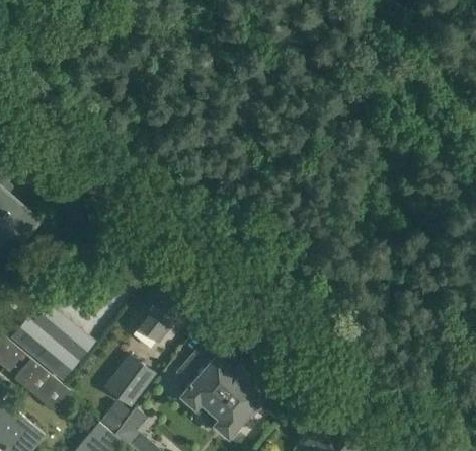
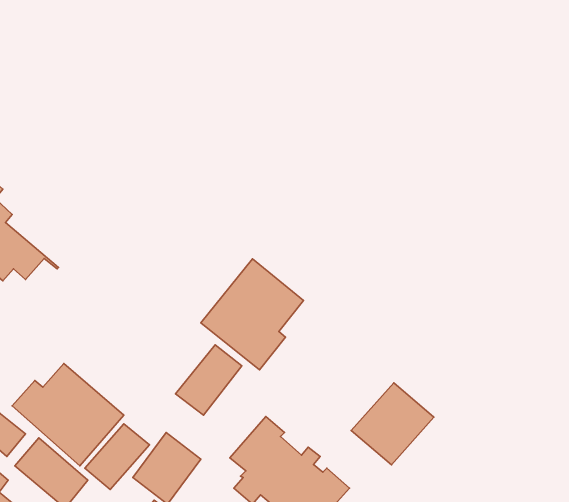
building: none -> [201,259,303,370]
building: none -> [351,383,434,465]
building: none -> [85,424,149,490]

